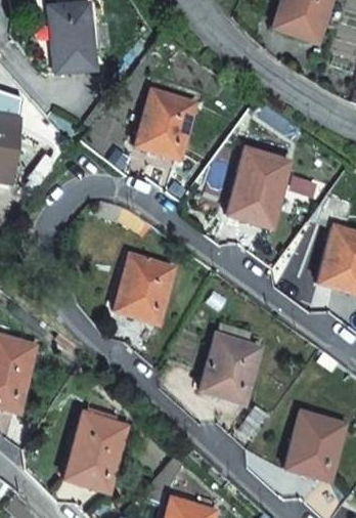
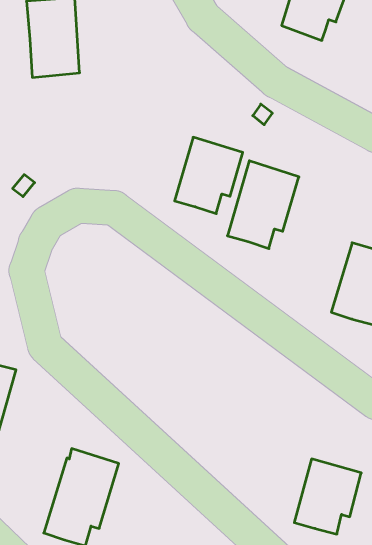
building: [135,90,195,158] -> [175,137,243,214]
building: [115,254,175,321] -> none
building: [199,335,260,401] -> none

